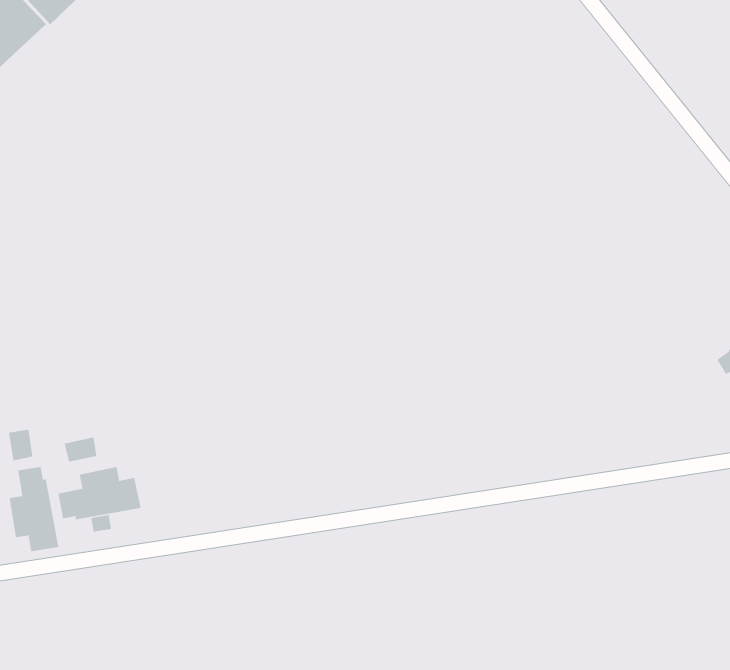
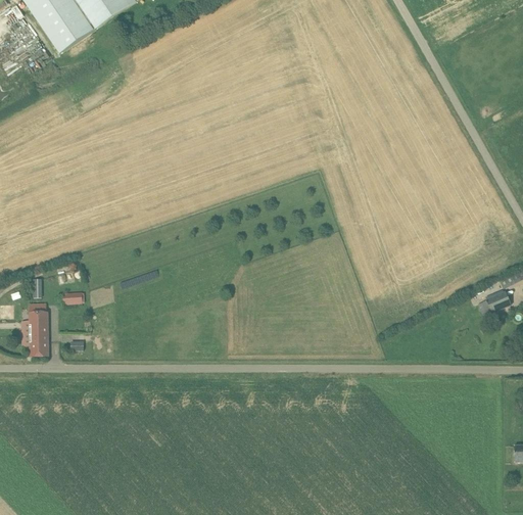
building: [58,466,141,520] -> none

